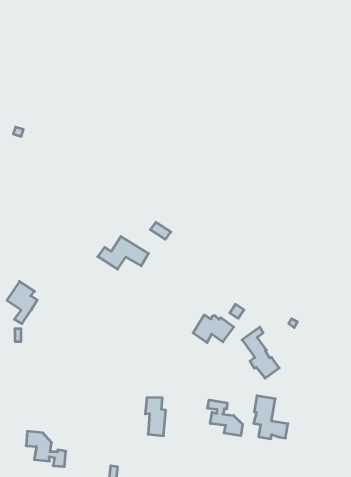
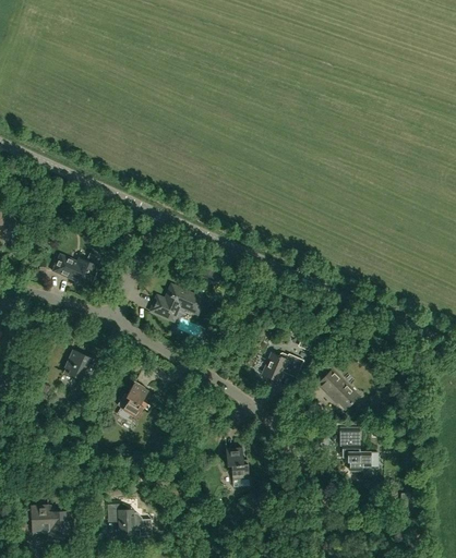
building: none -> [52,254,101,284]
building: none -> [123,381,149,417]
building: [208,400,243,436] -> none

